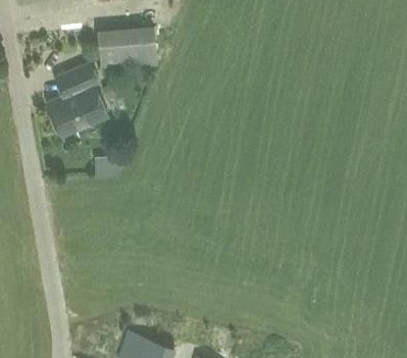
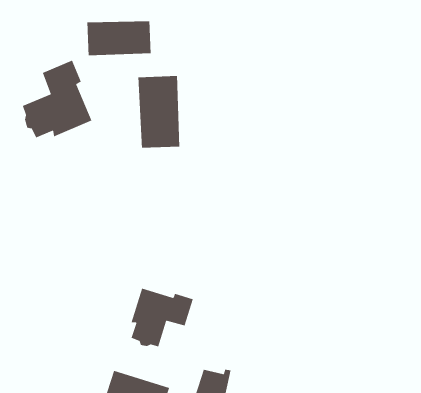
building: none -> [137,75,180,148]
building: none -> [130,287,194,347]

